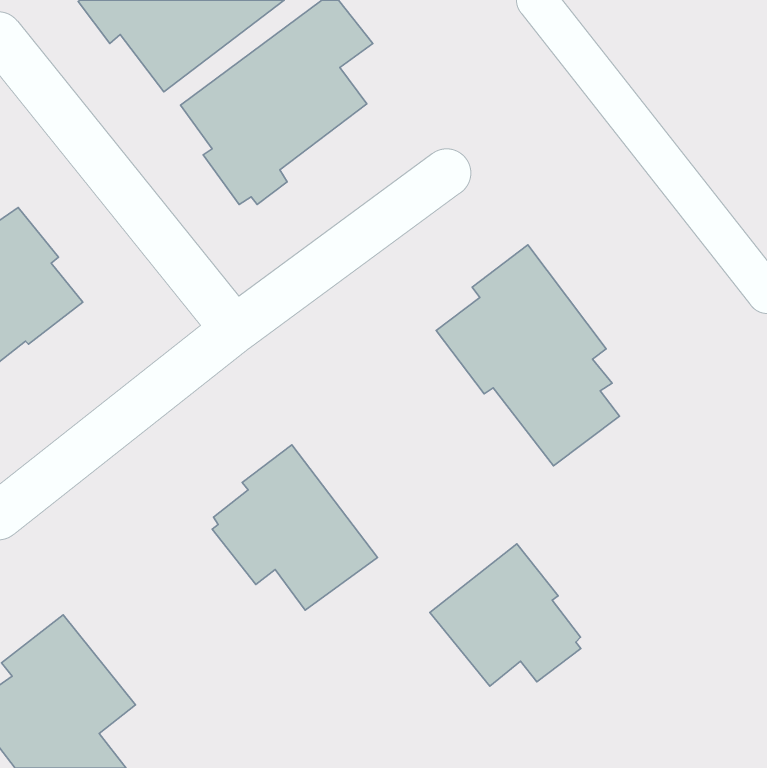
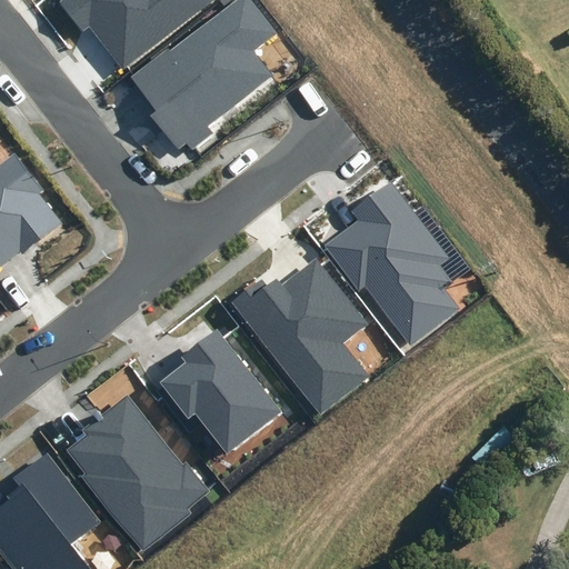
building: none -> [232,258,369,413]
building: none -> [68,395,210,552]
building: [430,544,581,686] -> none

